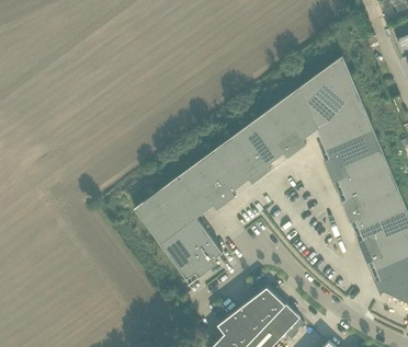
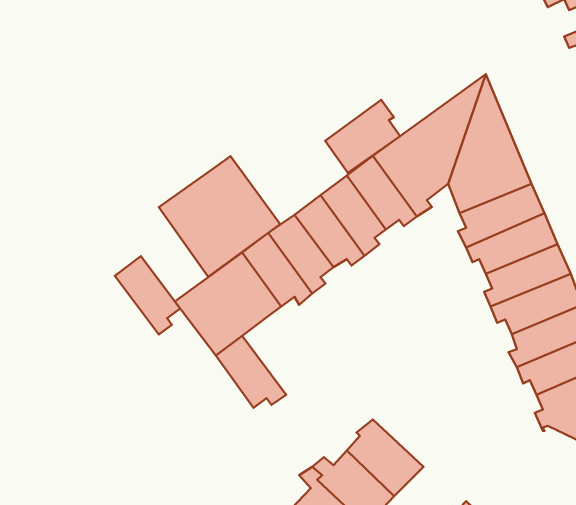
building: none -> [325,100,400,173]
building: none -> [159,156,280,277]
building: [179,218,223,270] -> [115,256,180,335]

